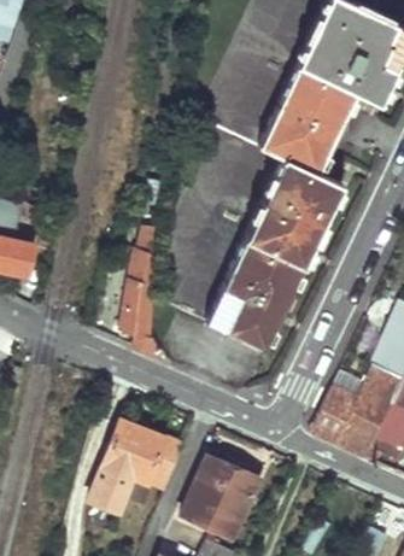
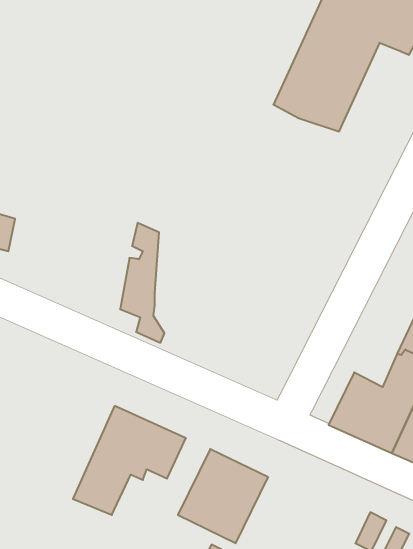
building: [207,158,346,352] -> none

